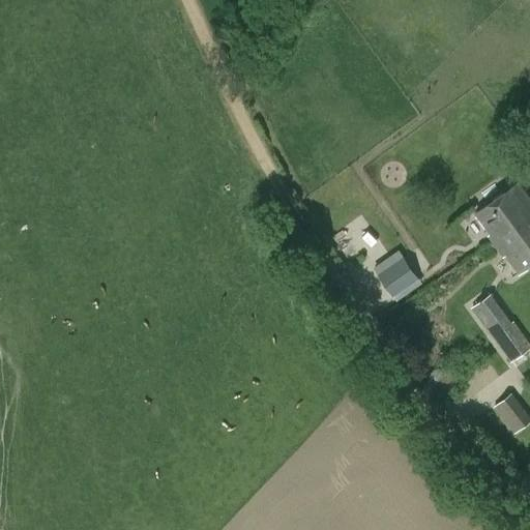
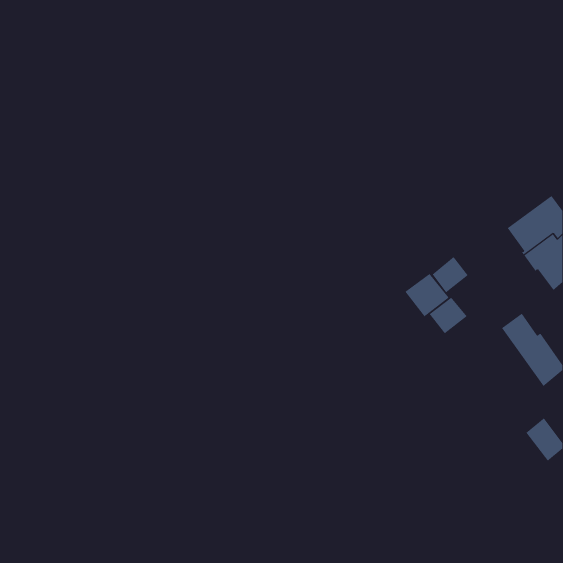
building: none -> [432,256,469,293]
building: none -> [429,297,467,334]

